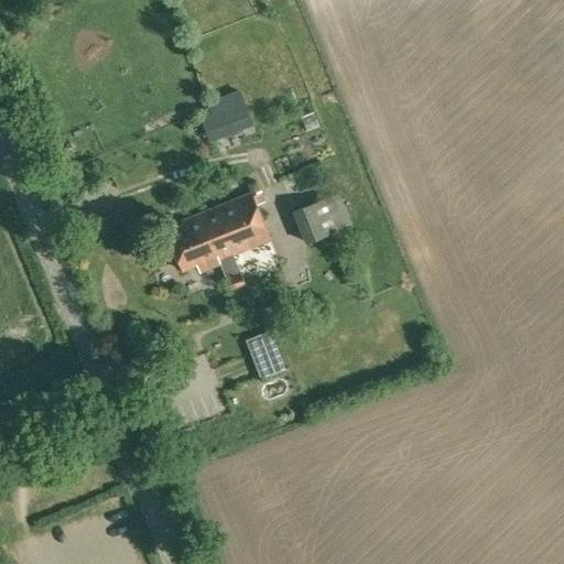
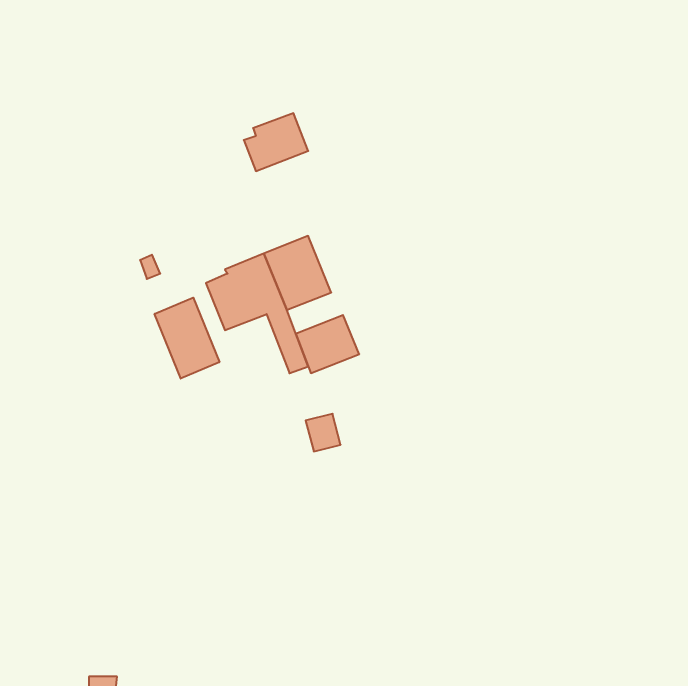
building: [292,196,344,243] -> [296,315,359,373]
building: none -> [155,298,219,379]

